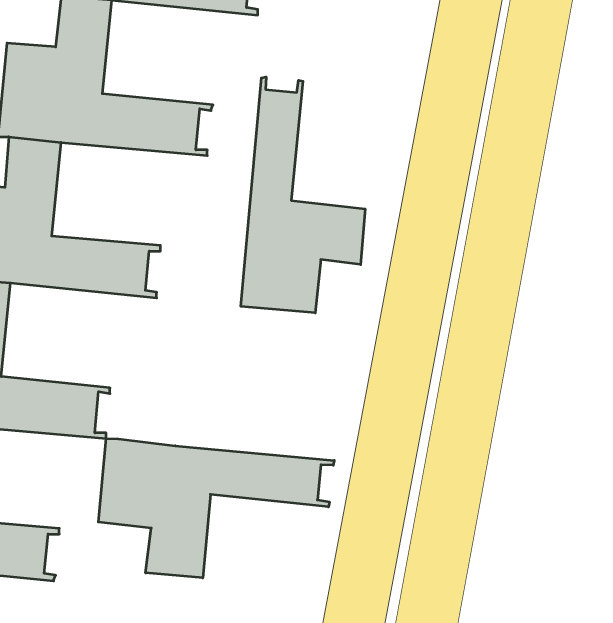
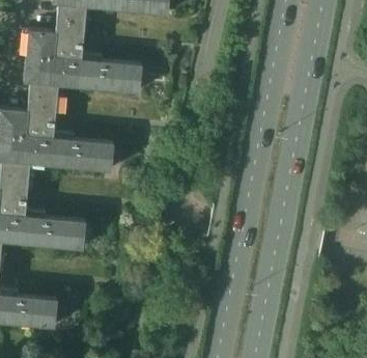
building: [241,77,365,313] -> none
building: [98,438,334,578] -> none

